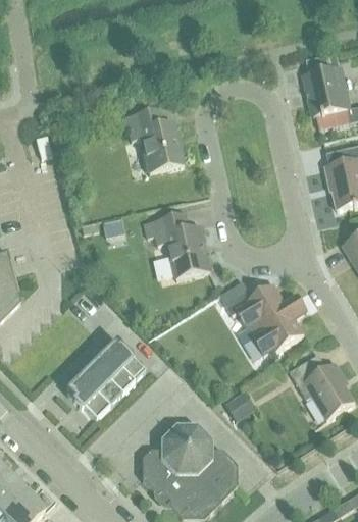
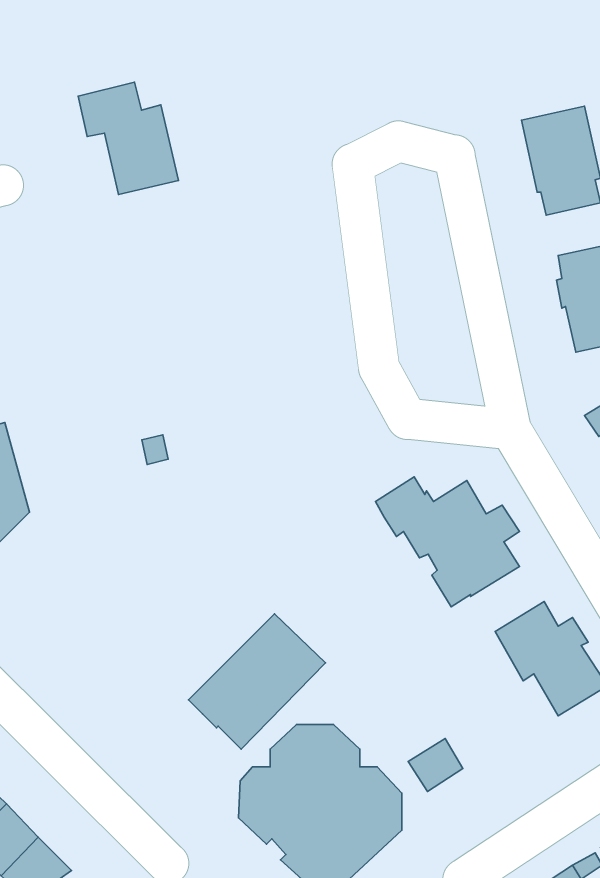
building: [124,107,183,172] -> [78,82,178,195]
building: [152,212,210,278] -> none
building: [64,340,144,418] -> [188,614,325,749]
building: [224,390,256,421] -> [408,739,463,791]

